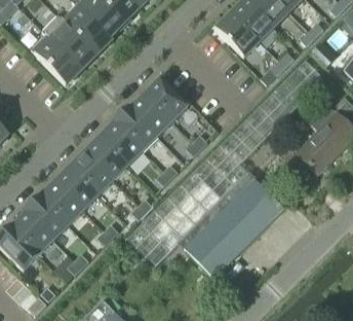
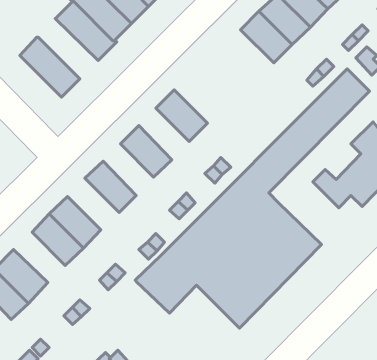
building: [42,14,96,69] -> none
building: [130,94,172,137] -> none
building: [101,123,143,167] -> none
building: [71,152,114,195] -> none
building: [26,198,69,240] -> none

